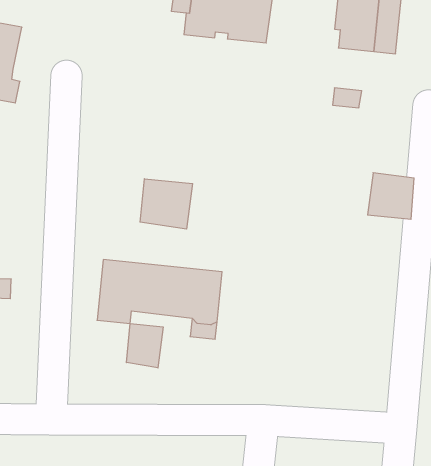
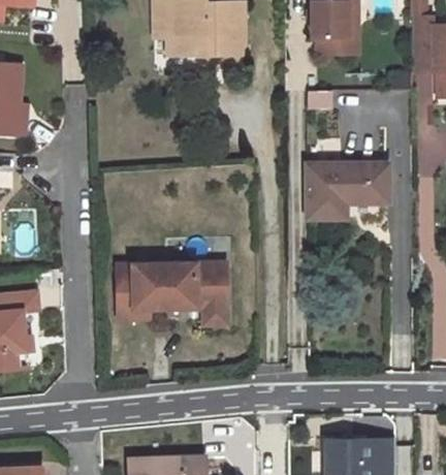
building: none -> [310,162,353,217]
building: [140,179,193,229] -> none
building: [126,324,163,368] -> none

